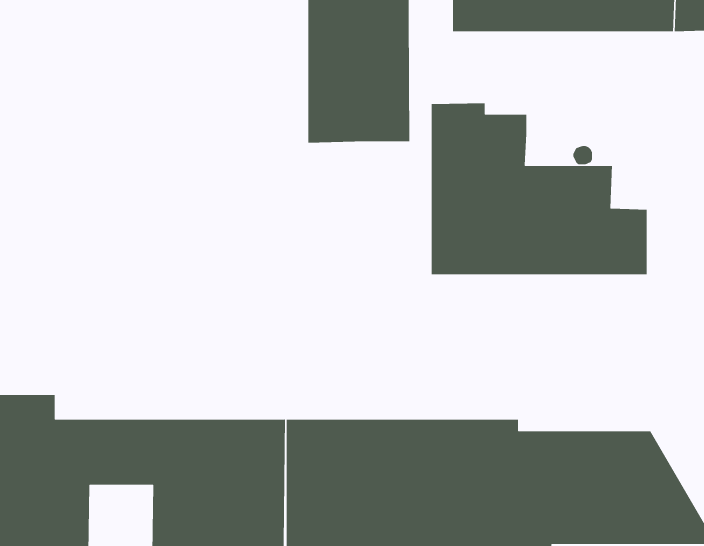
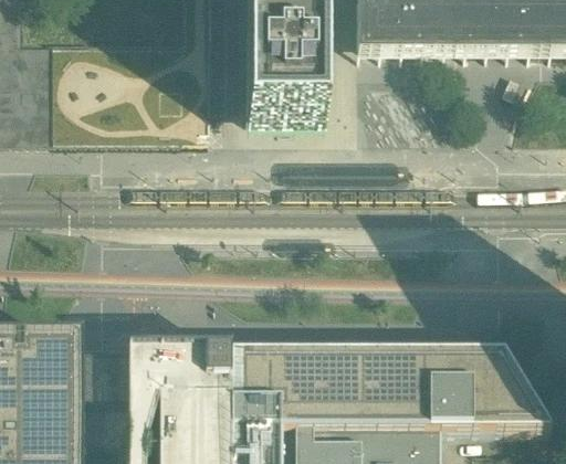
building: [431,102,648,275] -> none

